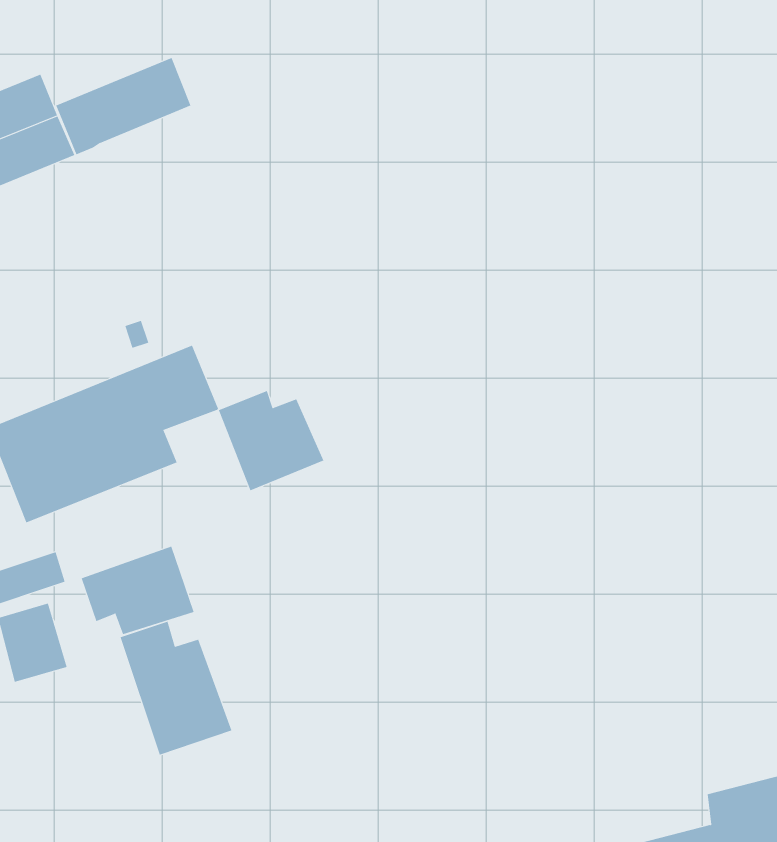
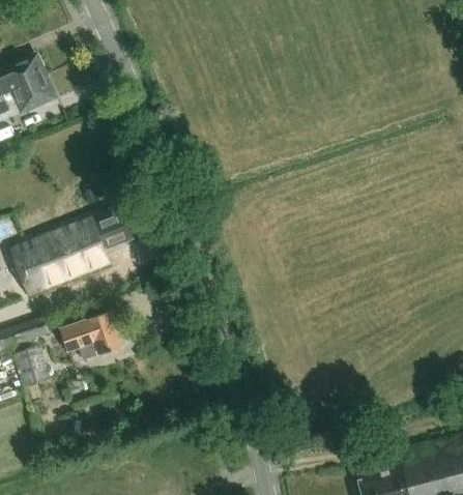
building: [56,57,191,155] -> none
building: [218,390,324,491] -> none
building: [120,621,232,756] -> none

